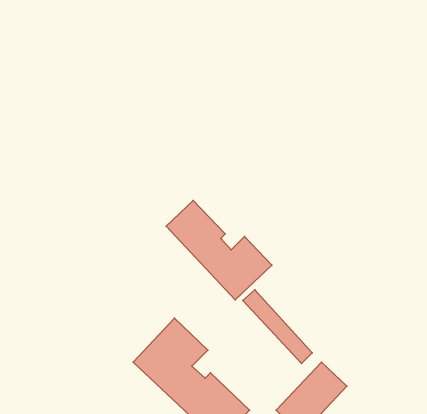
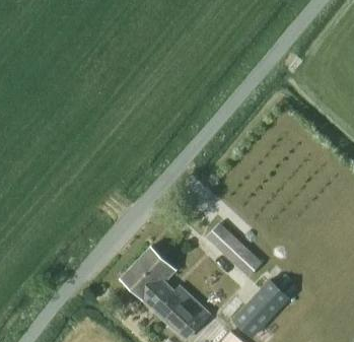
building: [166,201,272,300] -> none

